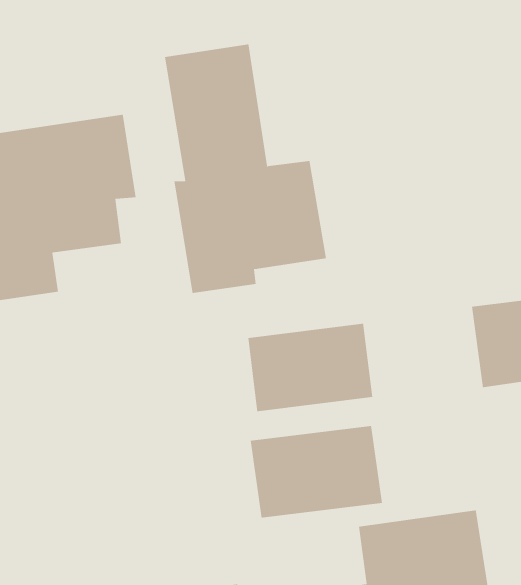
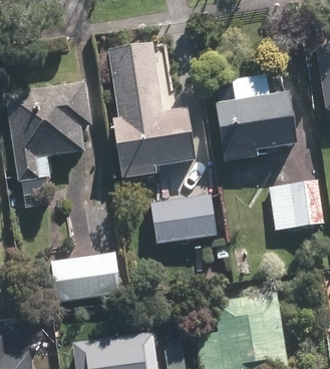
building: none -> [216,92,297,160]
building: [250,426,383,518] -> [53,251,125,301]

